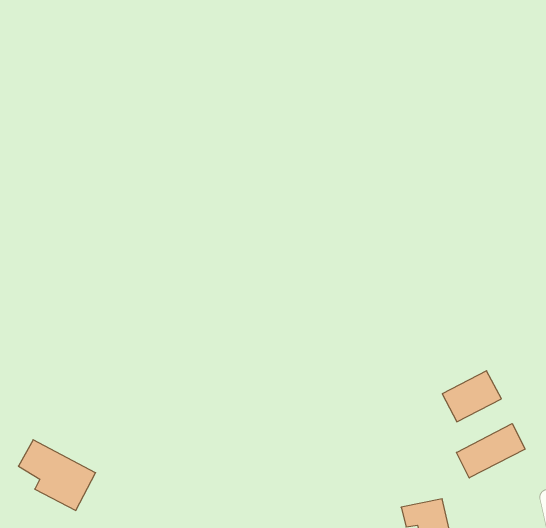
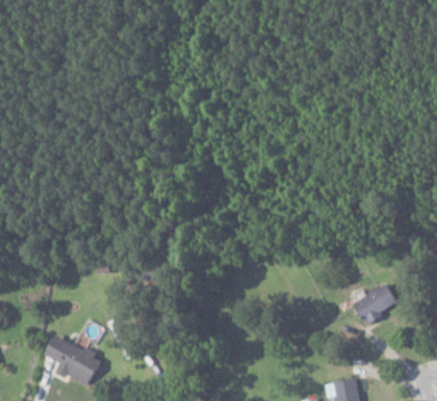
building: [456,424,525,478] -> none

